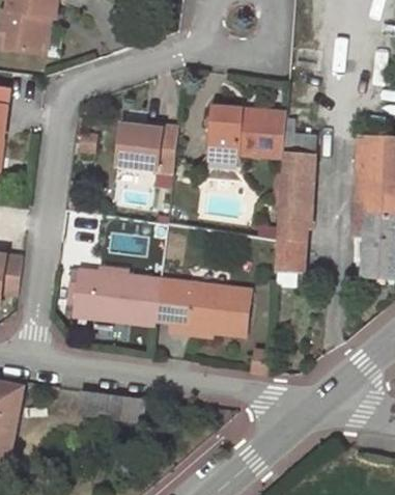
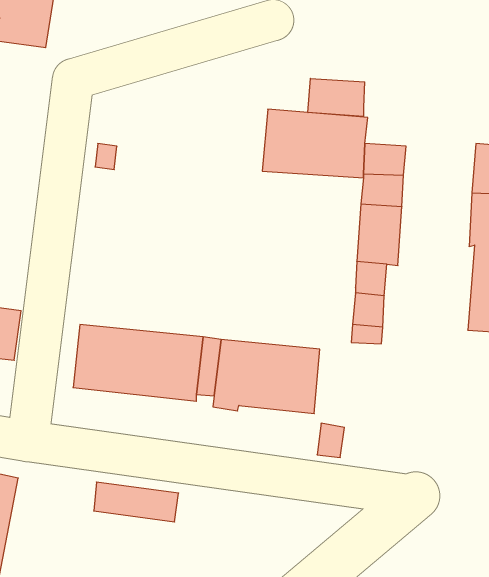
building: none -> [308,78,365,116]
building: [114,126,177,175] -> none

